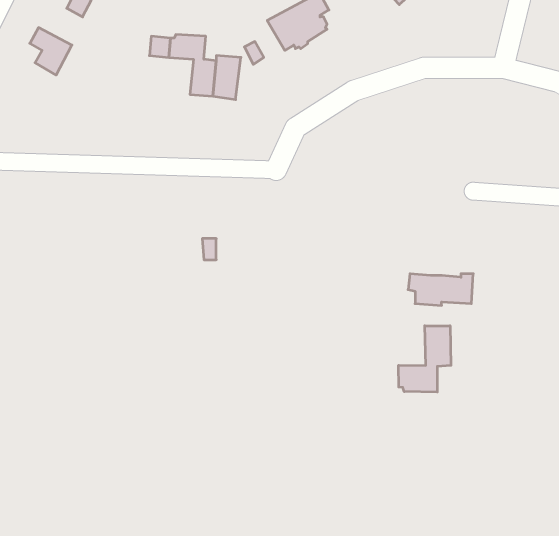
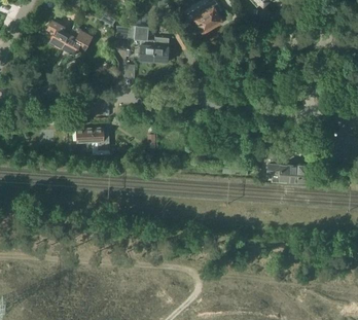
building: none -> [63,27,93,55]
building: none -> [77,129,110,150]
building: [399,326,451,392] -> none

